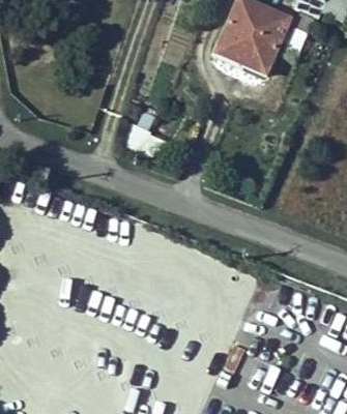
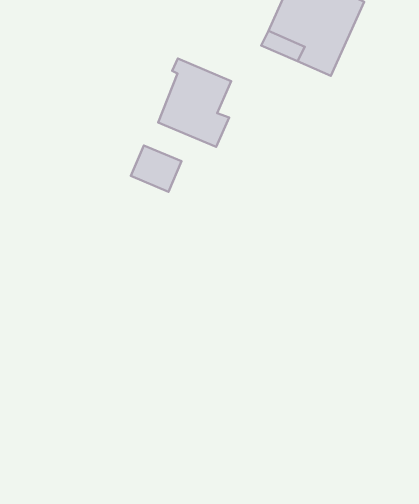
building: none -> [158,58,231,147]

